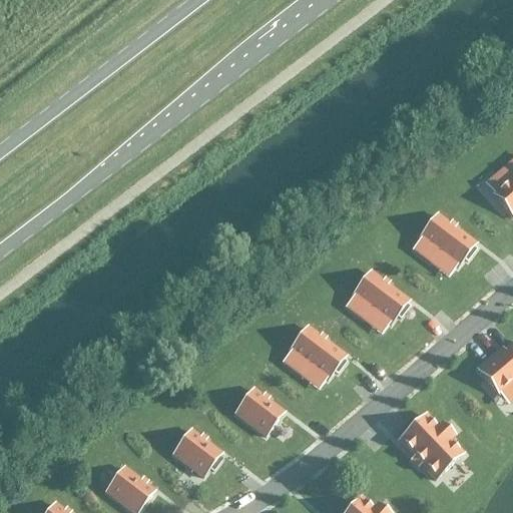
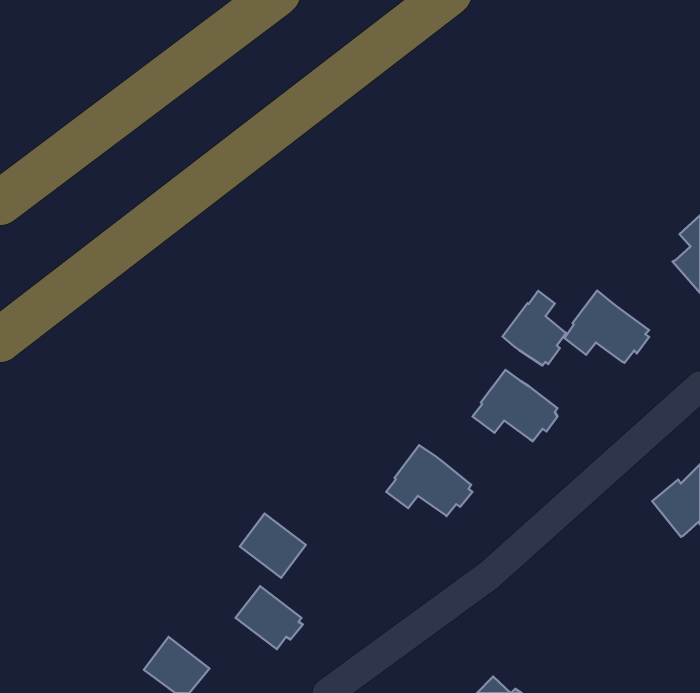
building: none -> [503,291,566,366]
building: [234,388,283,435] -> [240,513,306,578]
building: [398,413,462,478] -> none

